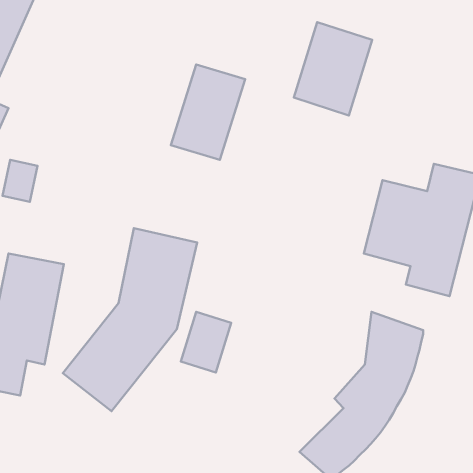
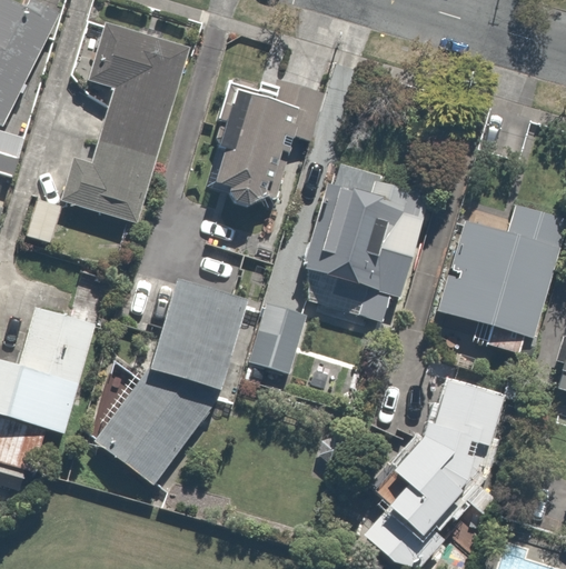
building: none -> [56,23,186,219]
building: [294,22,372,115] -> none
building: none -> [301,164,435,320]
building: [181,312,231,372] -> [249,307,307,376]

